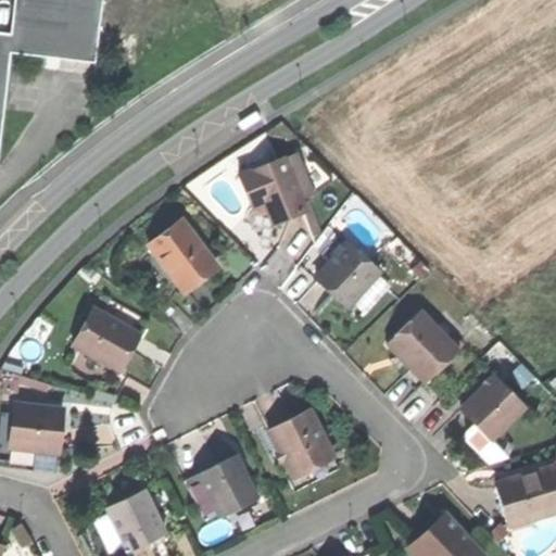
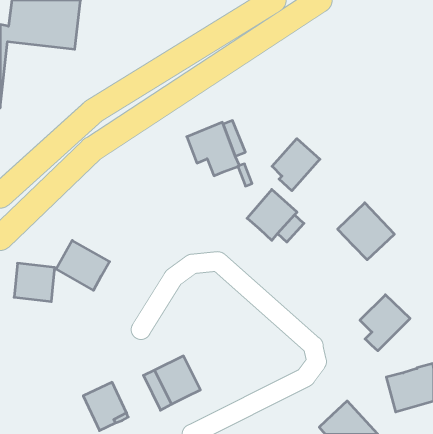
building: none -> [272,139,320,191]
building: [149,219,216,289] -> none
building: [388,311,460,383] -> [338,203,394,260]
building: [11,403,63,452] -> [14,263,55,302]
building: [269,410,333,476] -> none

